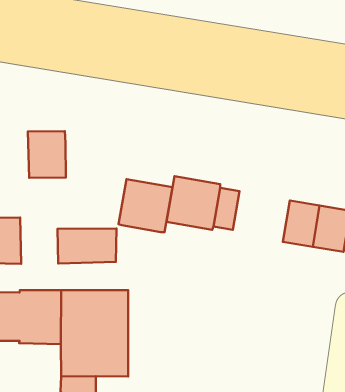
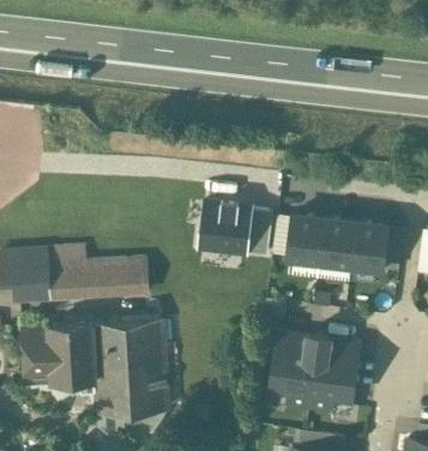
building: [28,131,66,178] -> [44,249,86,300]
building: [119,179,173,232] -> none
building: none -> [287,216,324,263]
building: none -> [269,335,358,409]

